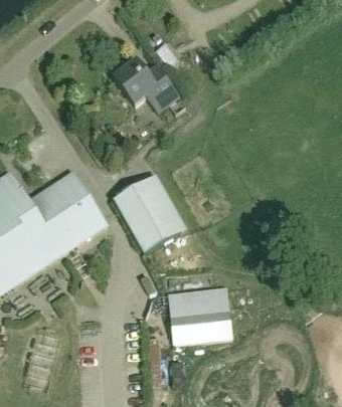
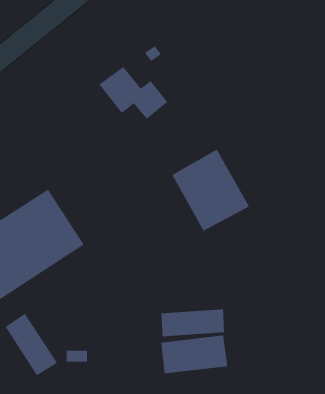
building: [114,174,186,250] -> [171,149,250,231]
building: none -> [5,313,58,376]

